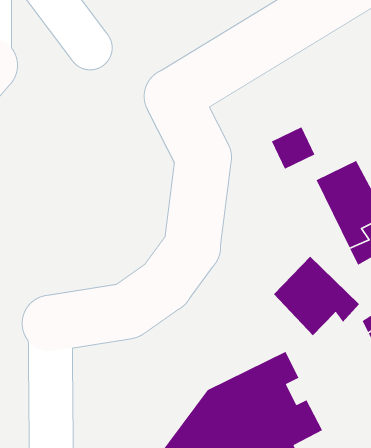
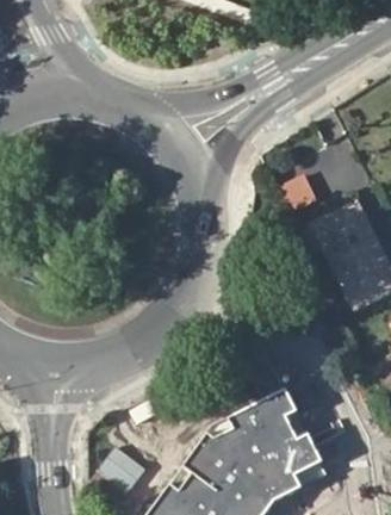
building: [273,256,360,336] -> none

